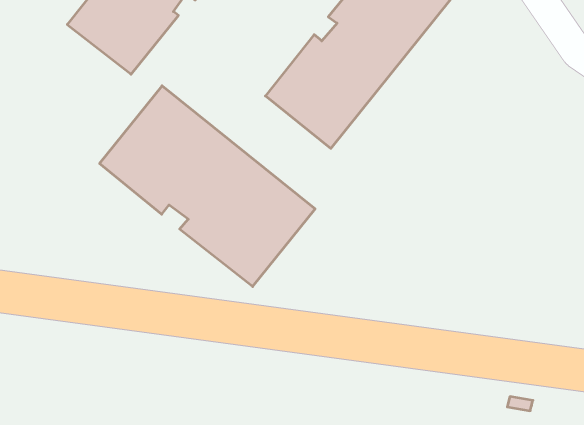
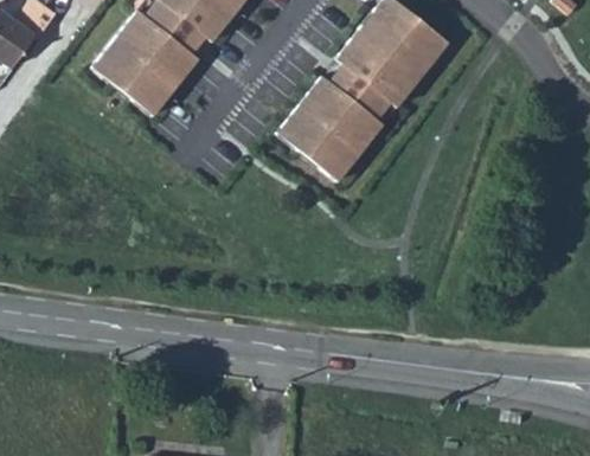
building: [100,86,315,287] -> none

